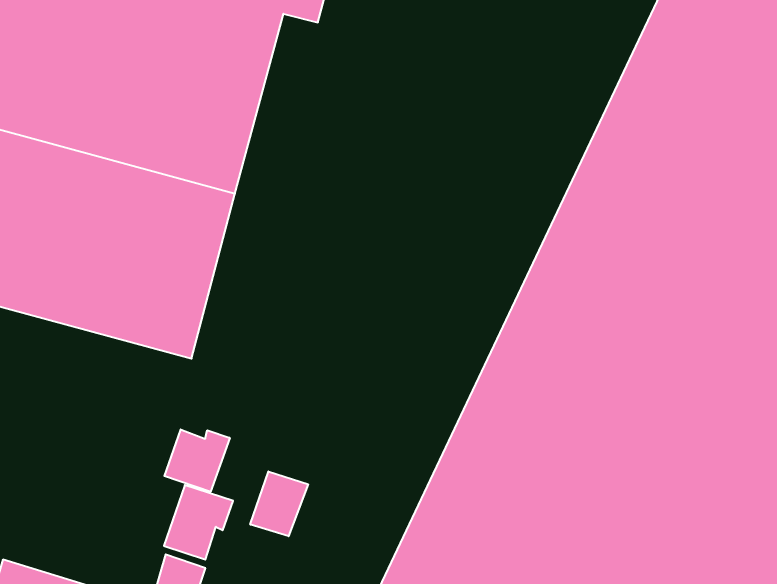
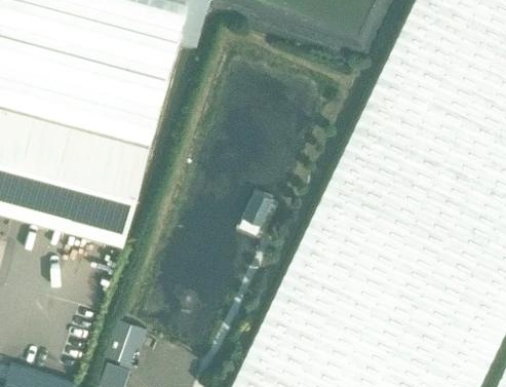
building: none -> [243,193,272,227]
building: [164,429,230,492] -> none
building: [250,471,308,536] -> none

